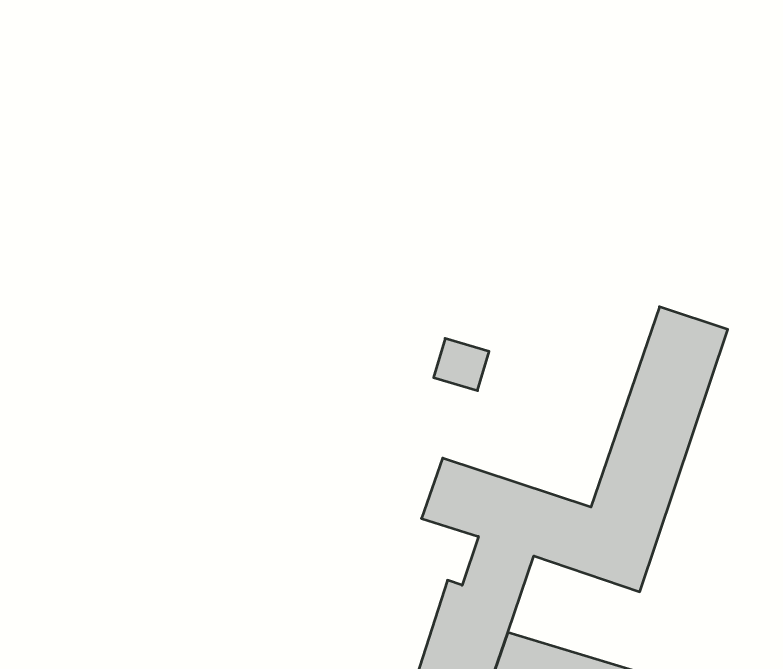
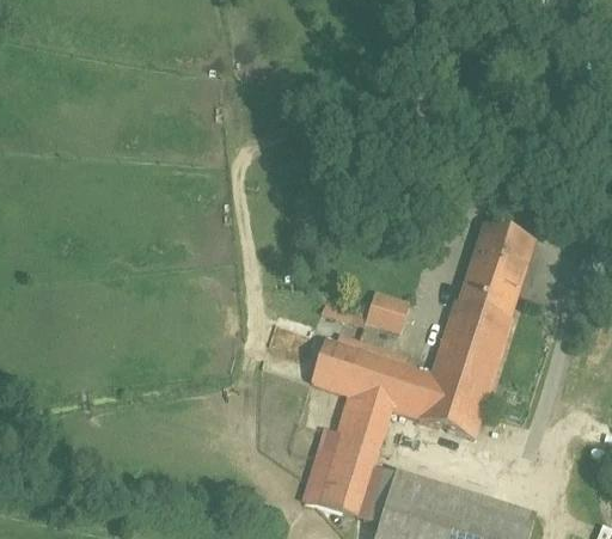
building: [434,338,489,391] -> [367,290,408,329]

